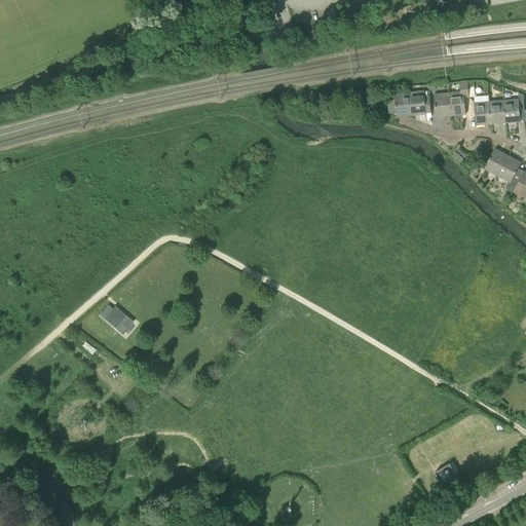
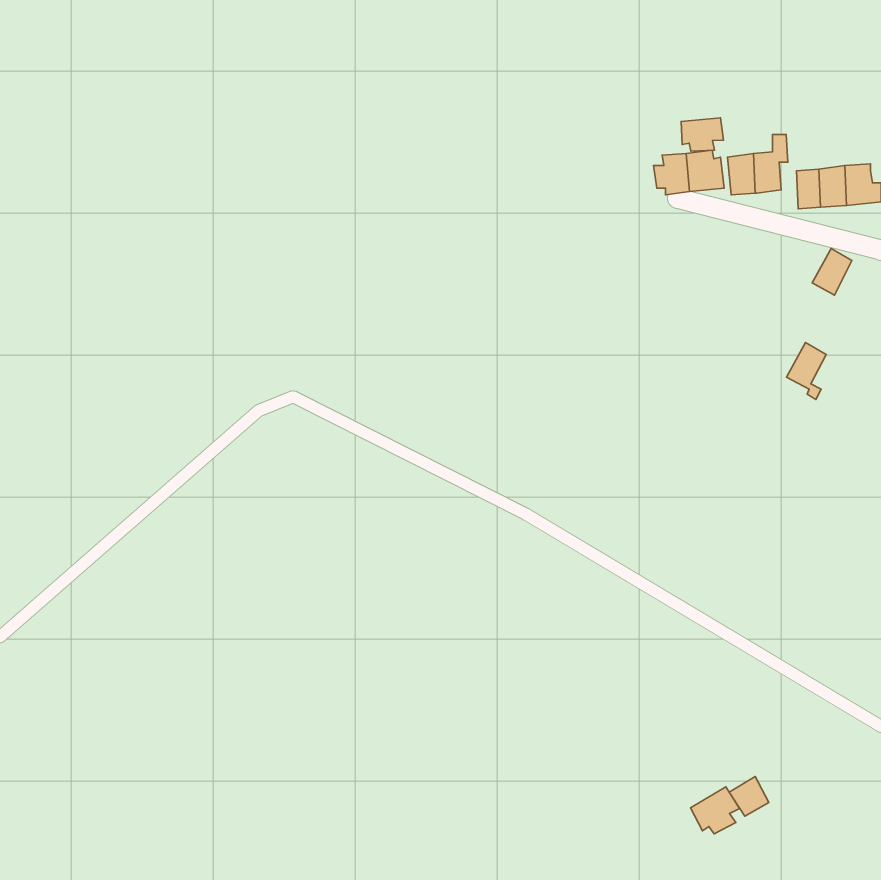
building: none -> [681,118,723,151]
building: [497,155,521,189] -> [787,343,826,399]
building: [100,302,134,334] -> none
building: none -> [690,787,740,834]

